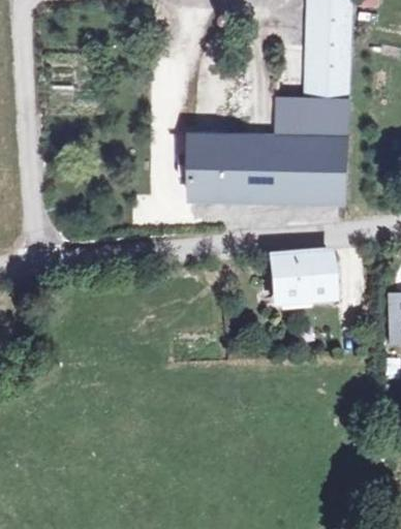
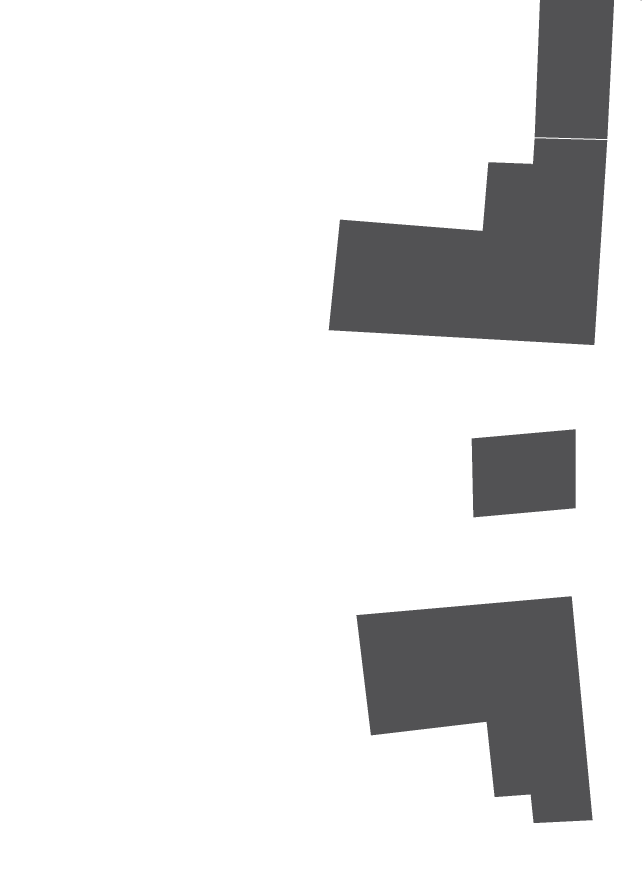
building: none -> [356,595,593,824]

